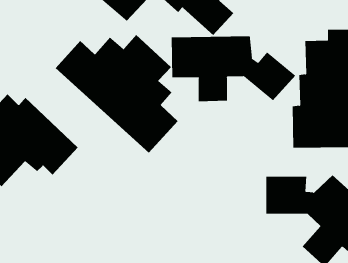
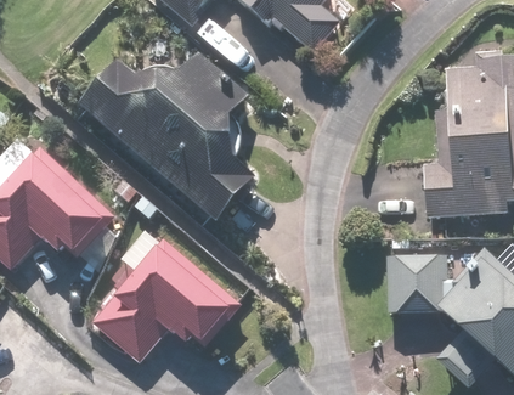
building: [171,35,296,102] -> none
building: none -> [94,230,241,359]

